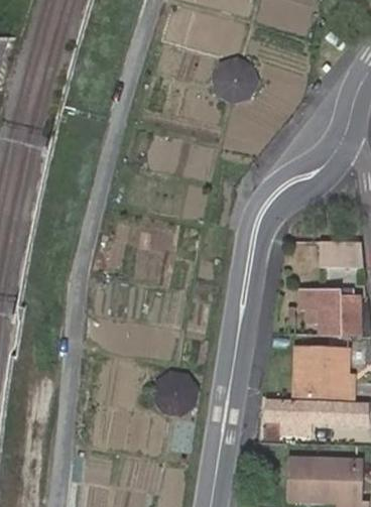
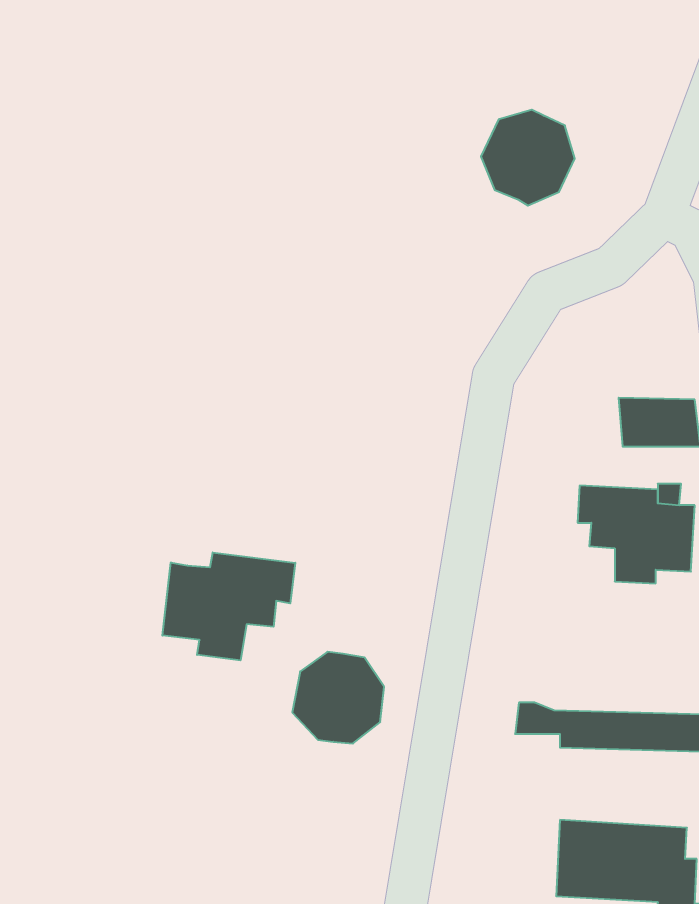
building: [210,55,258,105] -> [481,110,575,206]
building: none -> [162,552,295,660]
building: [294,345,354,398] -> none

